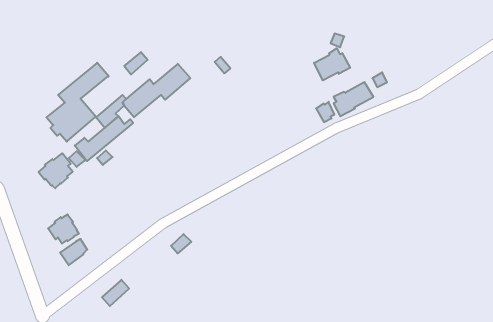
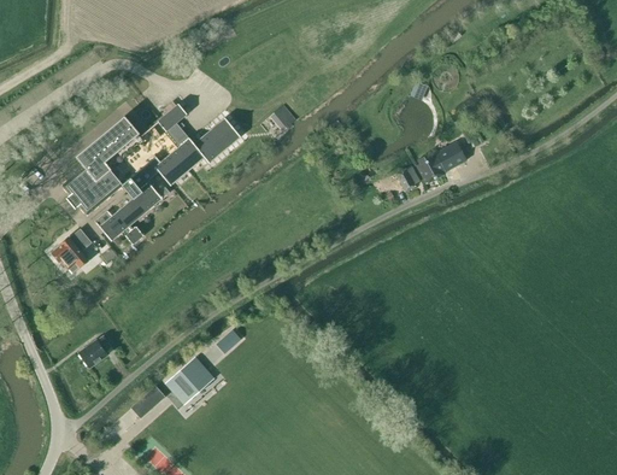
building: [314,48,350,80] -> none
building: [48,214,79,244] -> none
building: none -> [165,357,213,404]

